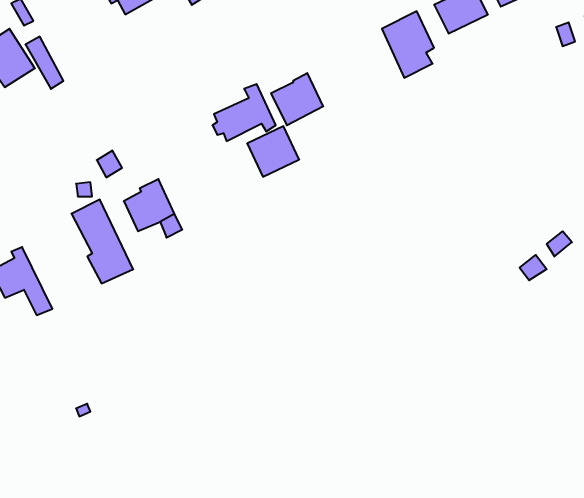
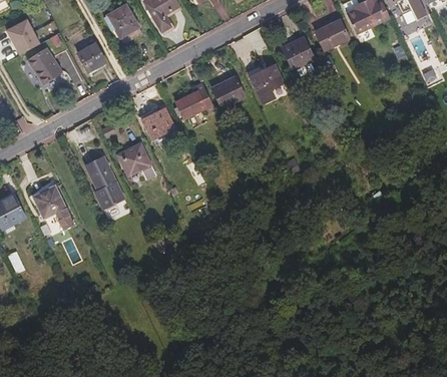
building: none -> [77,42,105,72]
building: none -> [249,64,283,103]
building: [247,126,299,177] -> [141,107,174,139]

